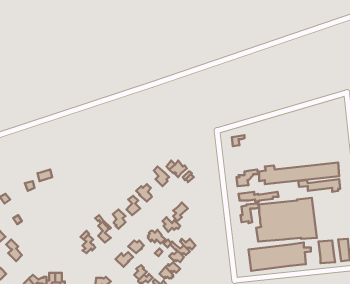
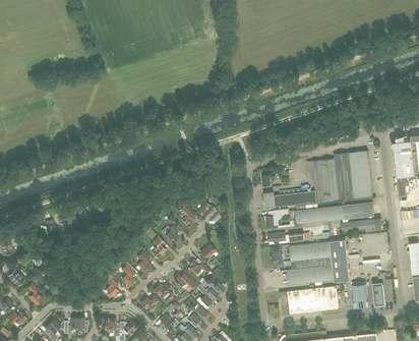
building: none -> [262,151,372,209]

